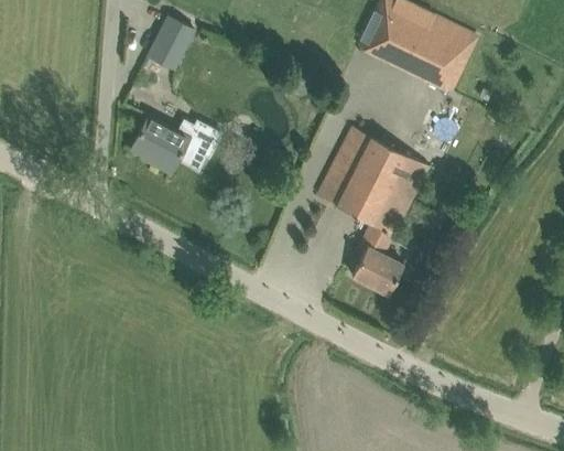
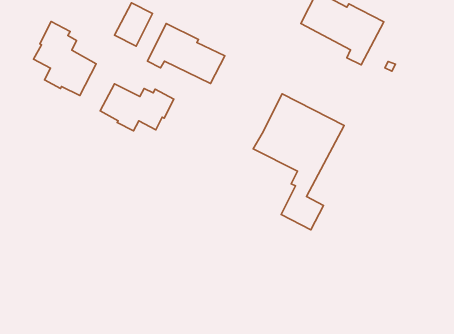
building: none -> [34,22,96,96]
building: none -> [147,23,225,84]

